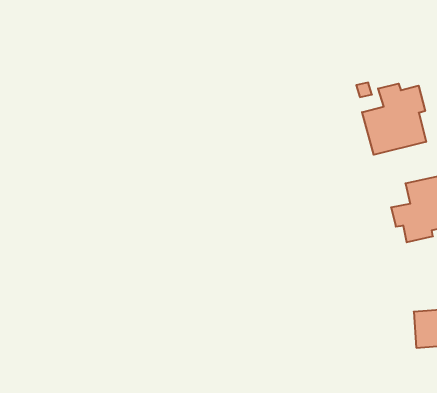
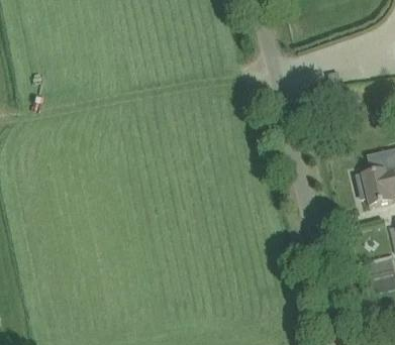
building: [362,84,426,155] -> none

